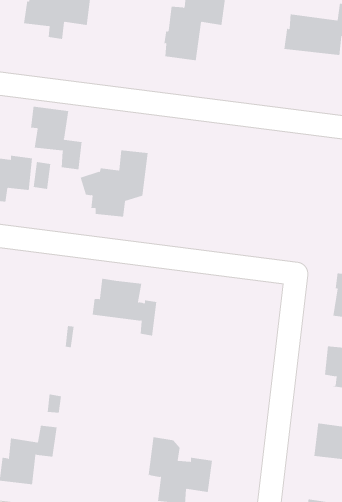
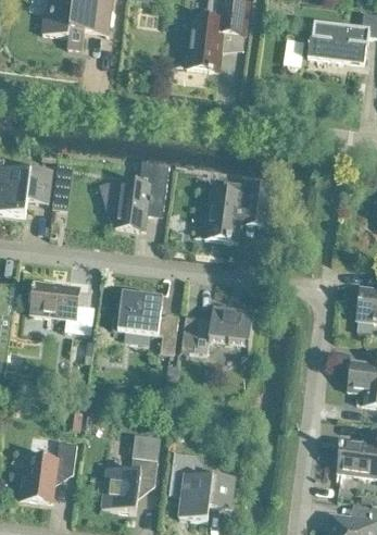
building: [30,106,82,170] -> none
building: none -> [204,182,273,241]
building: none -> [30,281,95,334]
building: none -> [180,303,253,352]
building: none -> [101,434,160,512]

